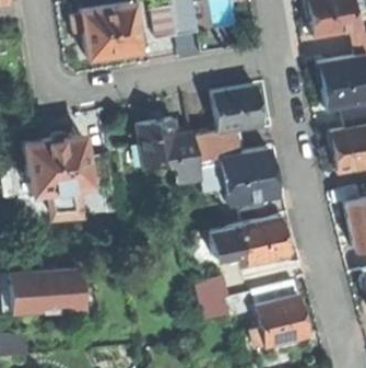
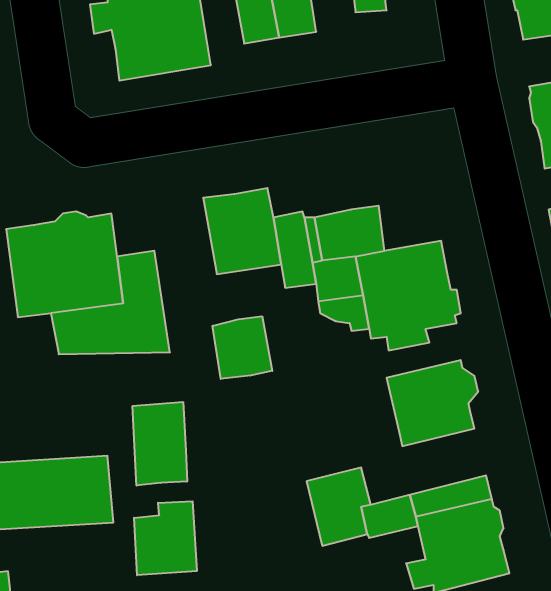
building: [213,87,263,131] -> none
building: none -> [213,316,272,379]
building: [209,226,247,261] -> none
building: none -> [133,402,187,486]
building: none -> [134,501,197,575]

